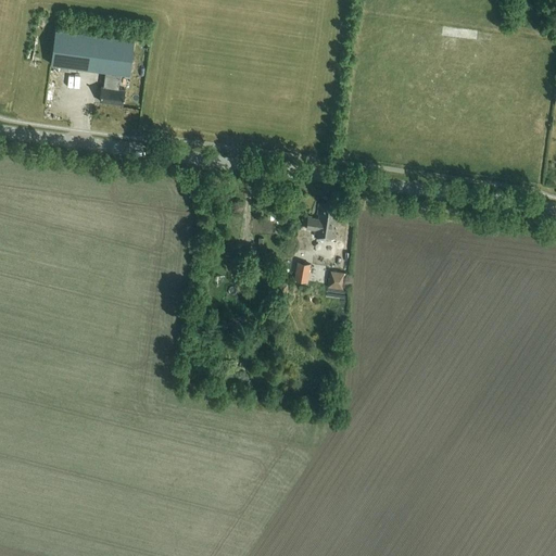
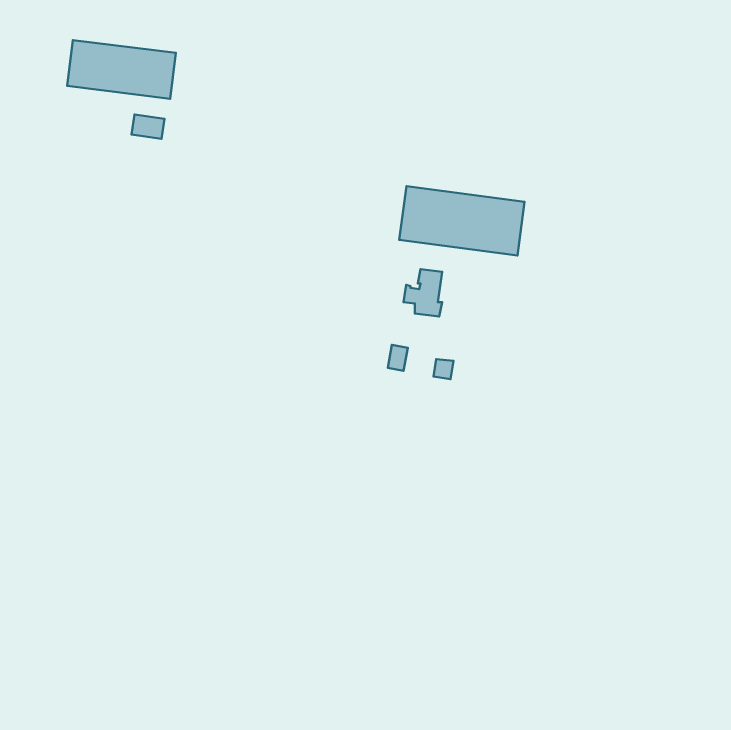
building: none -> [399,186,525,256]

